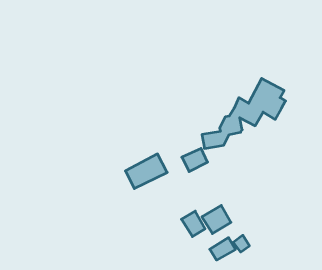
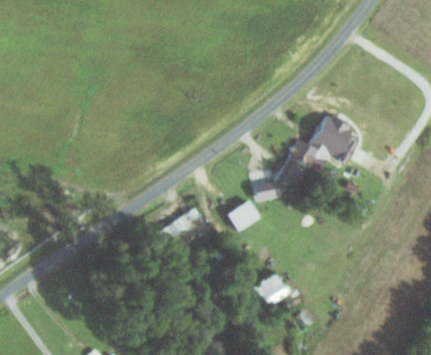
building: [181,211,205,237] -> none
building: [210,238,235,260] -> none

